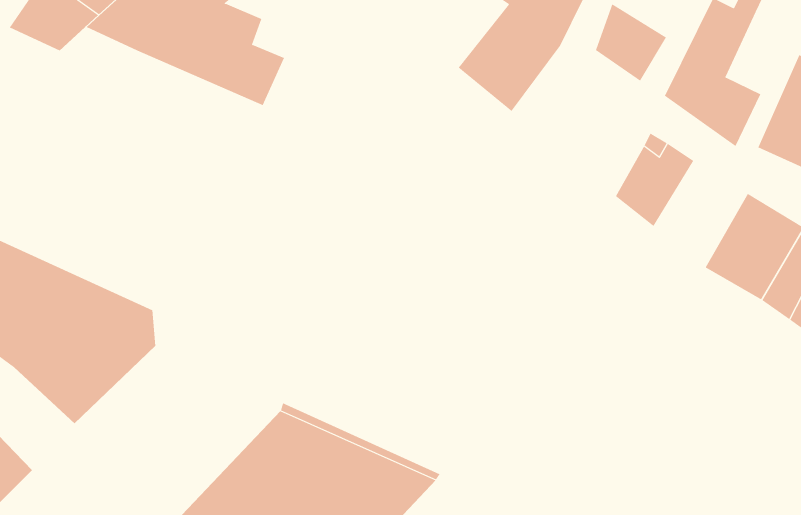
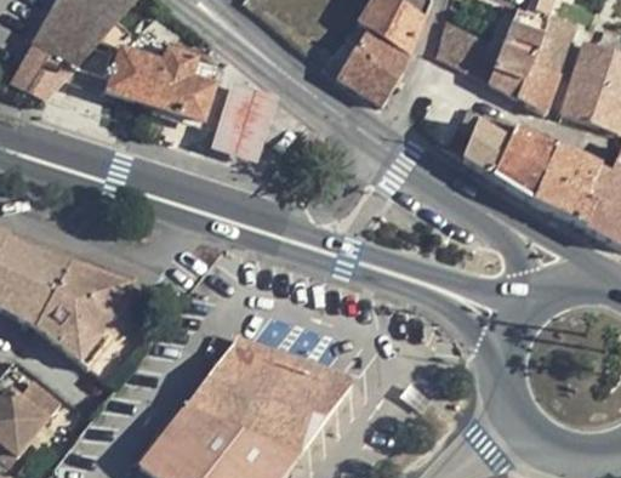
building: none -> [532,16,576,75]
building: none -> [206,81,274,164]
building: none -> [491,129,557,205]

